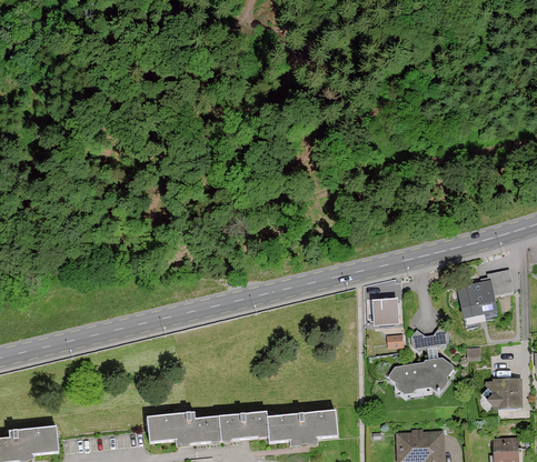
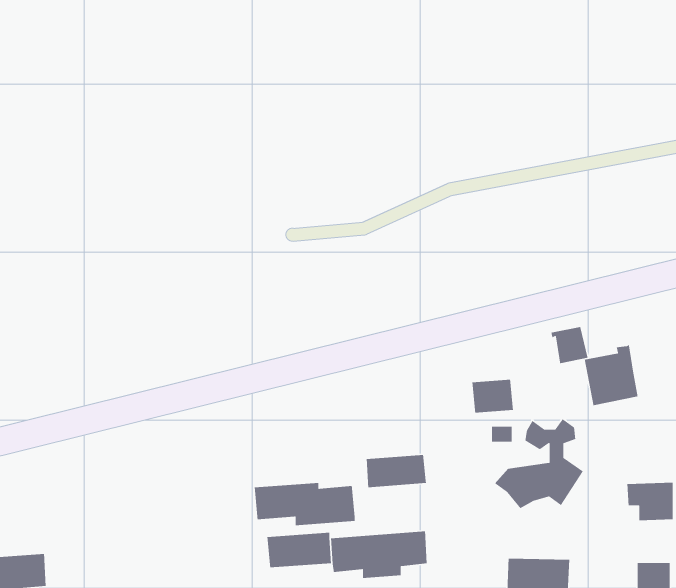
building: [484,267,511,294] -> [550,326,588,364]
building: none -> [366,454,427,488]
building: [149,413,223,445] -> [254,482,356,526]

